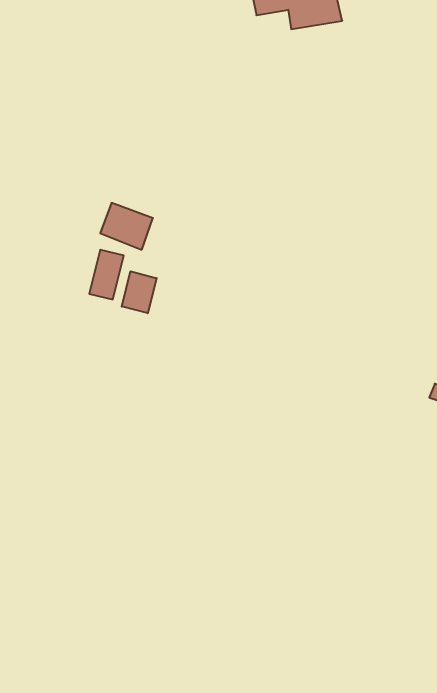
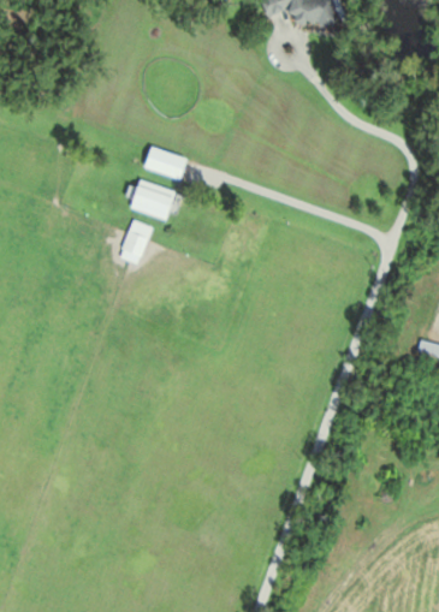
building: none -> [144,147,188,179]
building: [122,271,157,313] -> none

